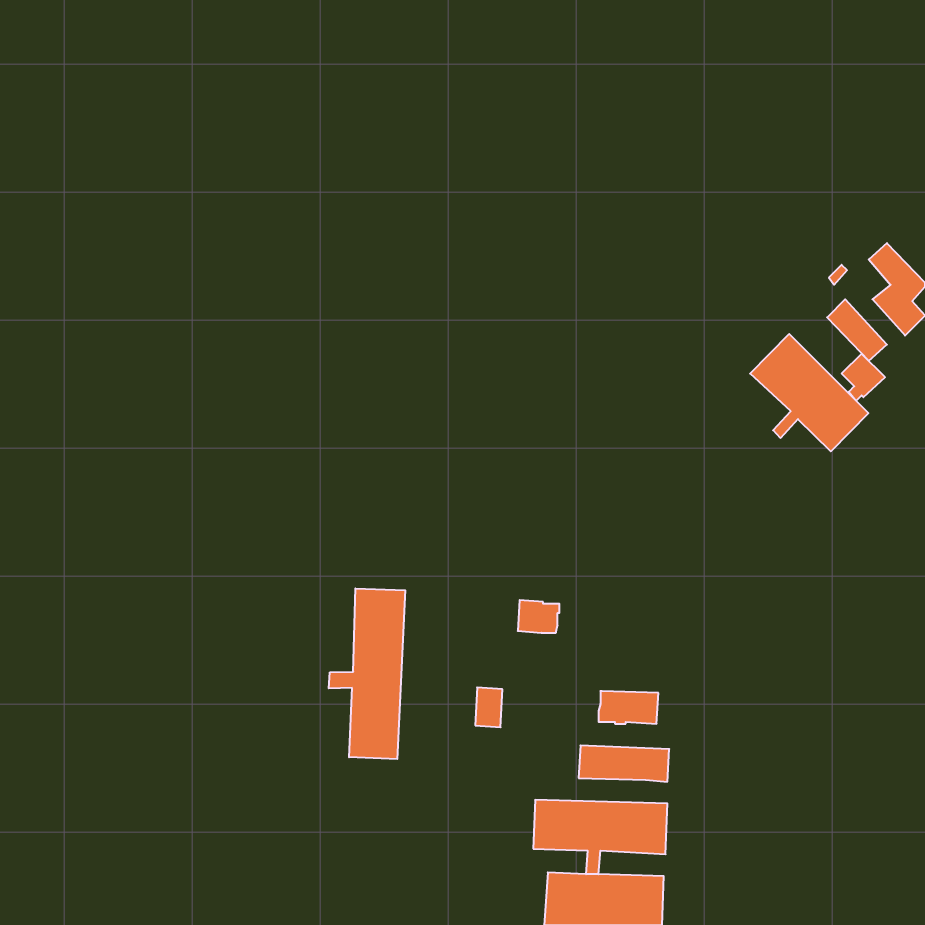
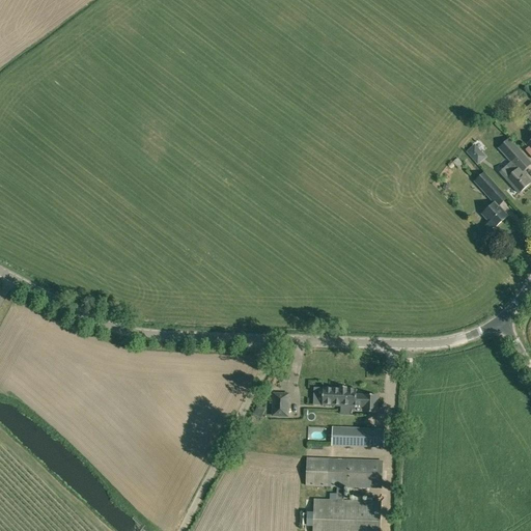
building: [750,334,868,451] -> none
building: [329,588,405,759] -> none
building: [518,600,559,633] -> [320,388,344,407]

